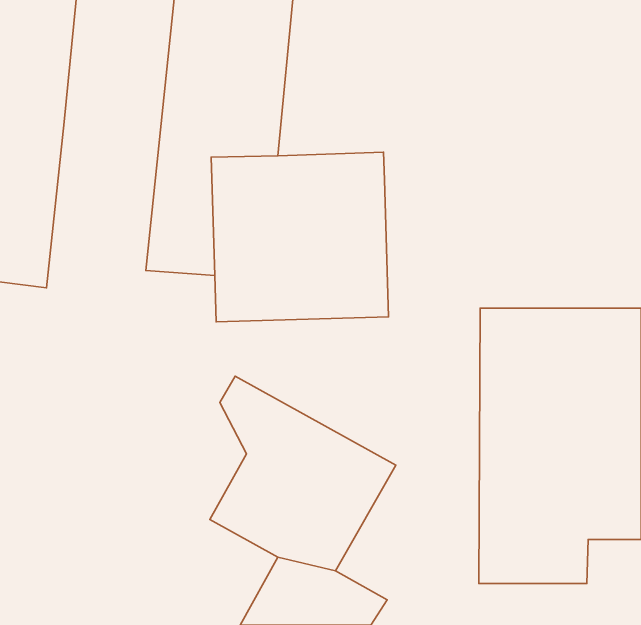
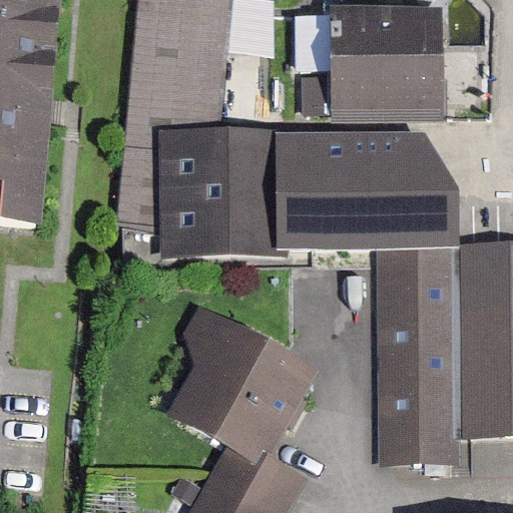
building: none -> [296,6,446,109]
building: none -> [307,138,469,252]

